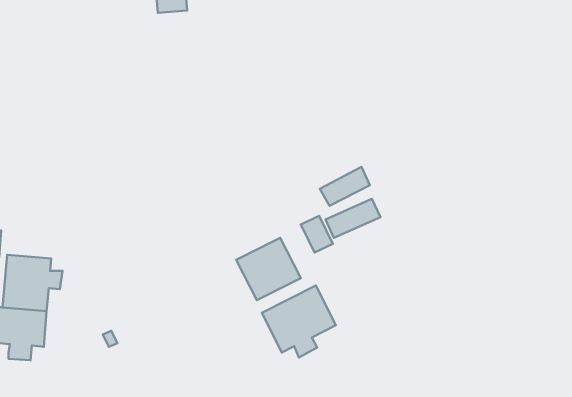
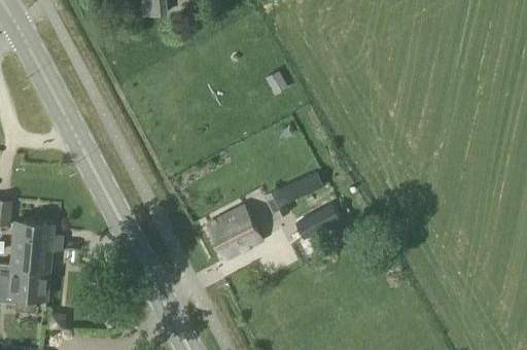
building: [320,167,370,206] -> [296,205,339,238]
building: [262,285,336,358] -> none

